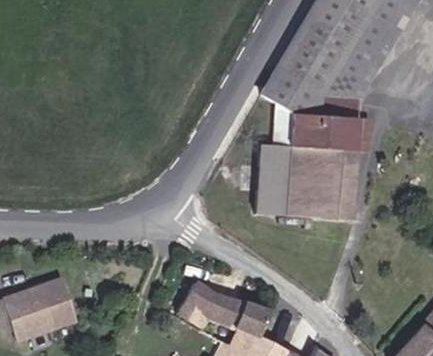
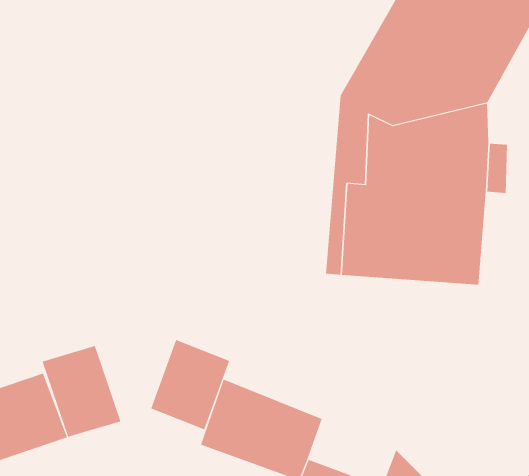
building: none -> [150,339,230,430]
building: none -> [42,345,121,438]

